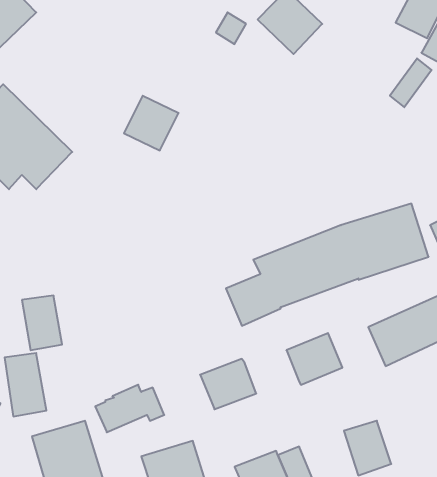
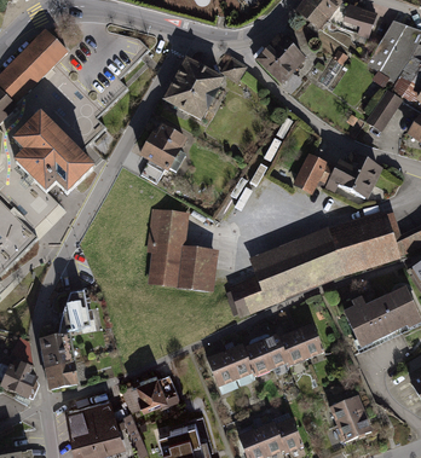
building: none -> [161,56,226,122]
building: none -> [293,152,382,199]
building: none -> [143,205,217,288]
building: none -> [244,332,290,376]

